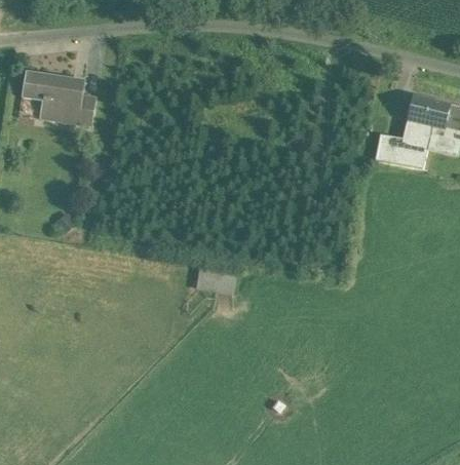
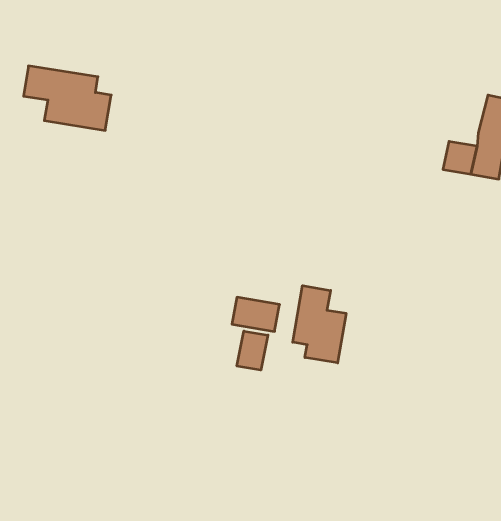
building: none -> [293,286,346,363]
building: none -> [237,331,268,370]

